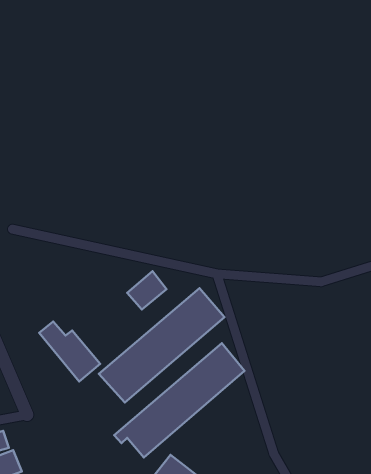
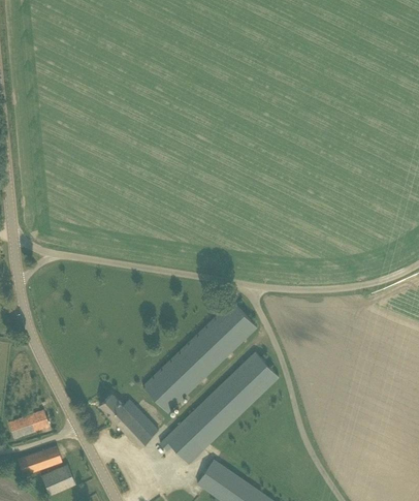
building: [127,271,166,310] -> none
building: [39,322,100,381] -> [99,394,158,448]

